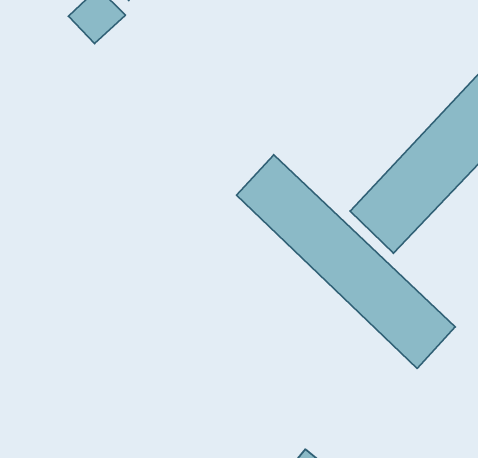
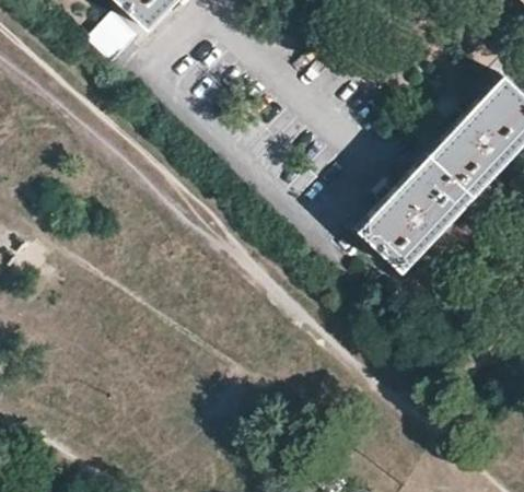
building: [237,155,455,368] -> none

